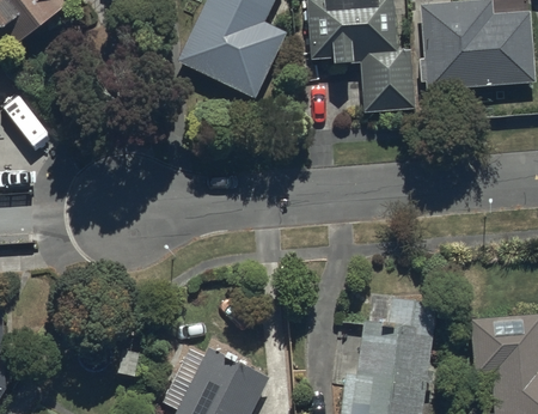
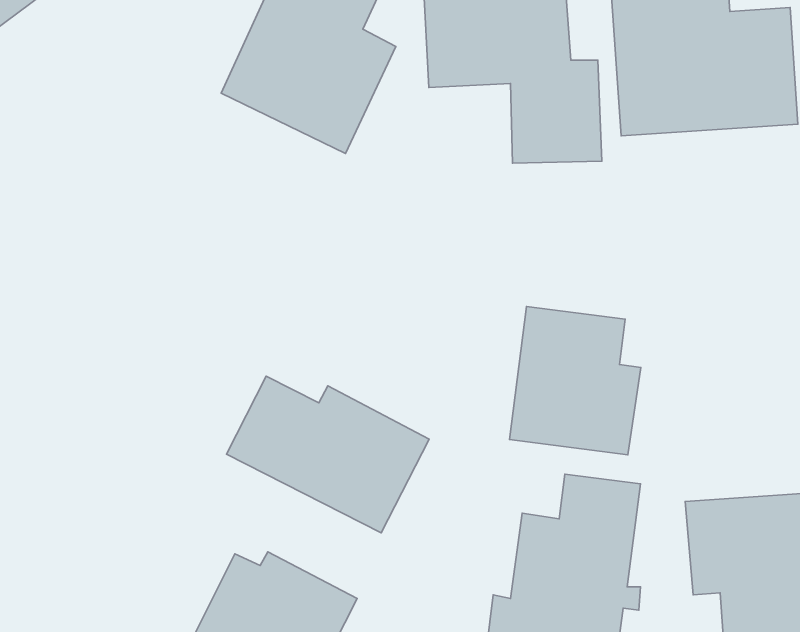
building: none -> [510,307,641,455]
building: none -> [227,376,429,533]

